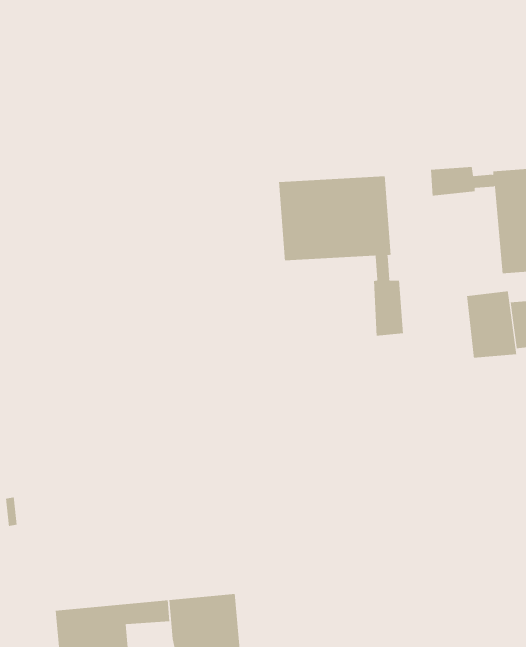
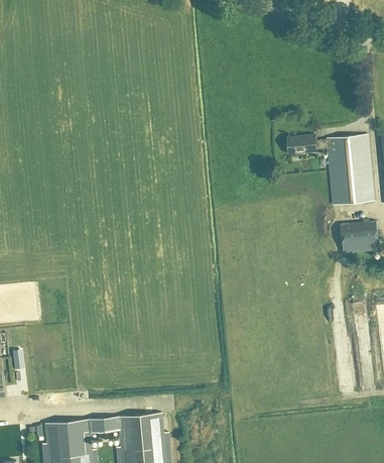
building: [278,176,404,336] -> none
building: [467,290,517,359] -> none

